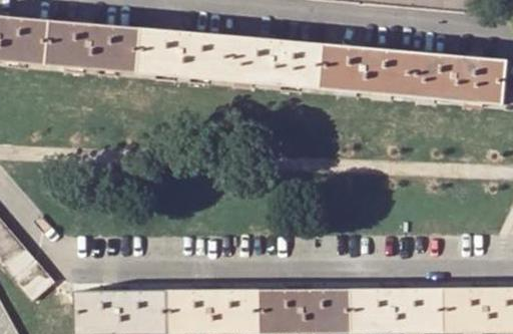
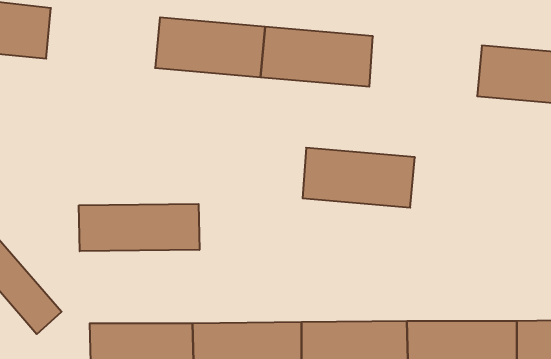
building: [43,20,140,71] -> none
building: [320,44,416,95] -> [303,148,415,208]
building: none -> [79,204,199,251]

